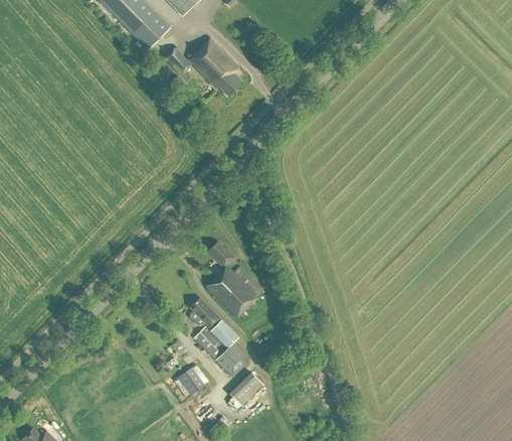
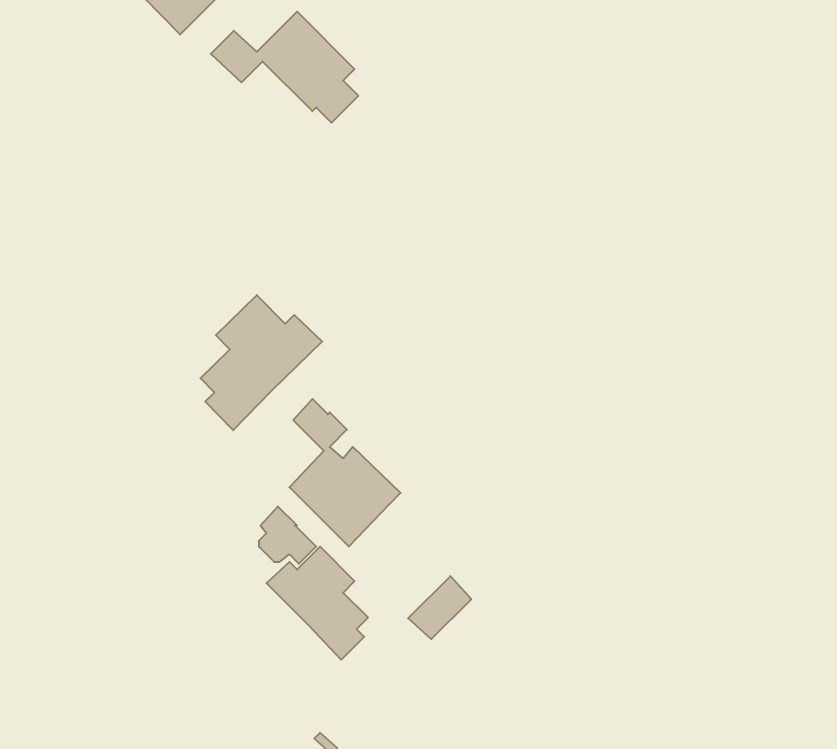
building: none -> [200,295,322,430]
building: [177,364,207,395] -> none
building: [228,372,262,405] -> [408,576,471,639]

